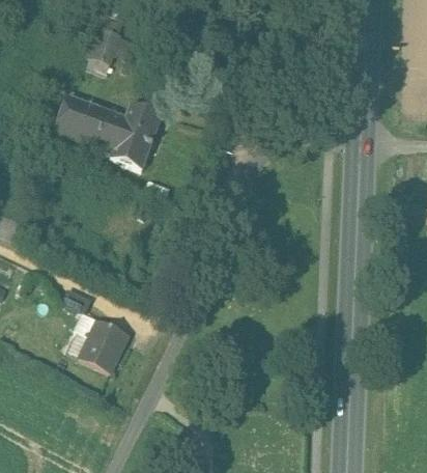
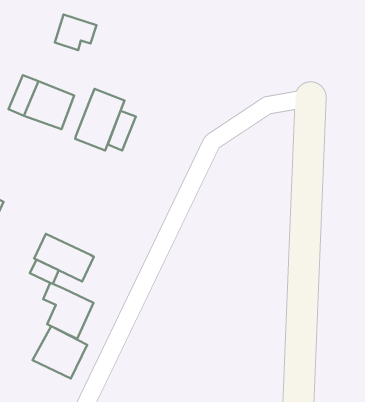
building: [95,111,125,154] -> [108,111,136,150]
building: none -> [34,234,94,281]
building: none -> [32,326,87,379]

